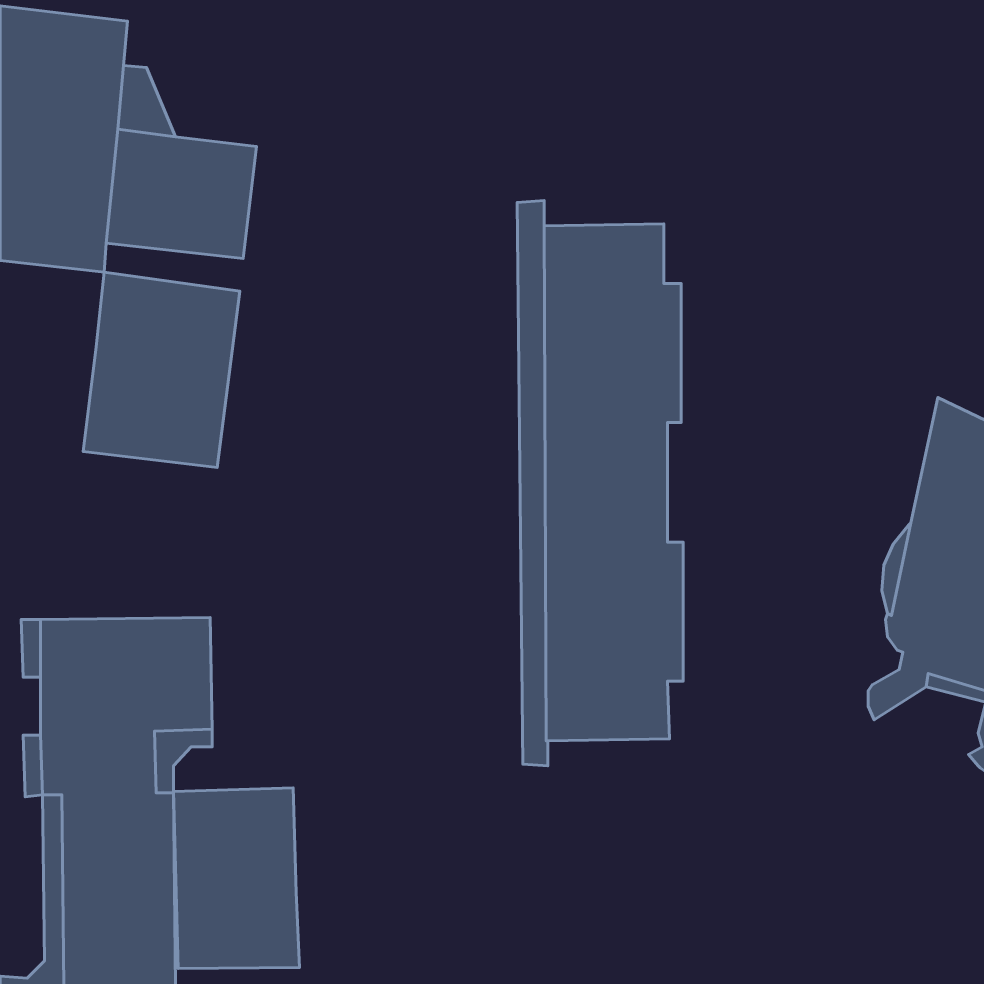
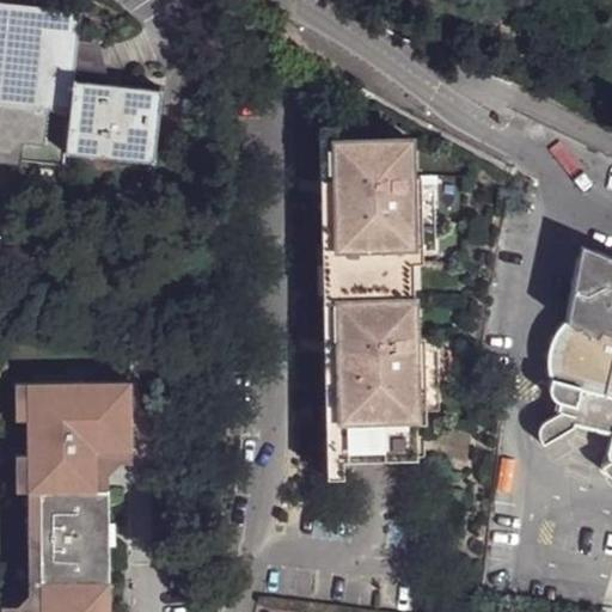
building: [83,272,240,468] -> none
building: [174,788,299,968] -> none

